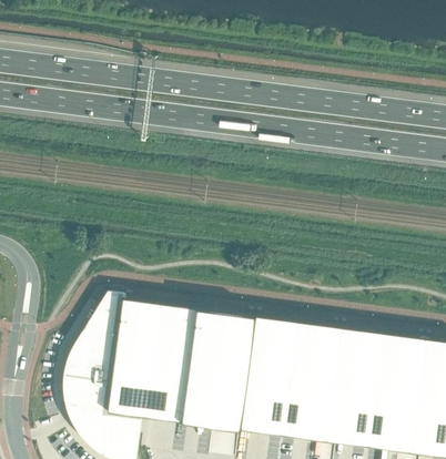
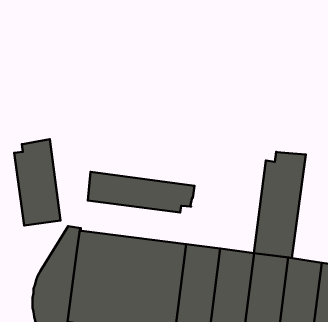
building: none -> [14,139,61,226]
building: none -> [254,152,306,258]
building: none -> [88,172,195,213]

